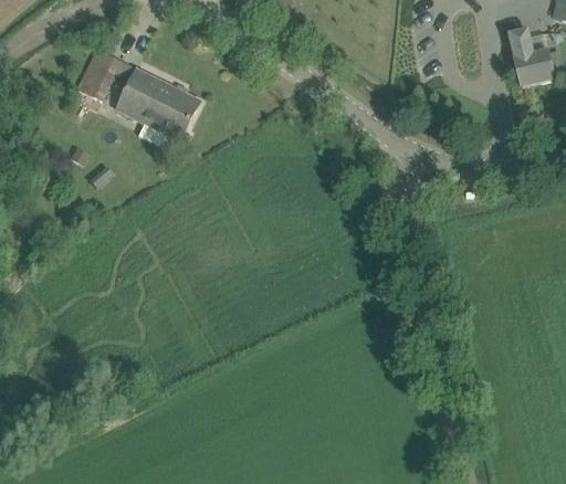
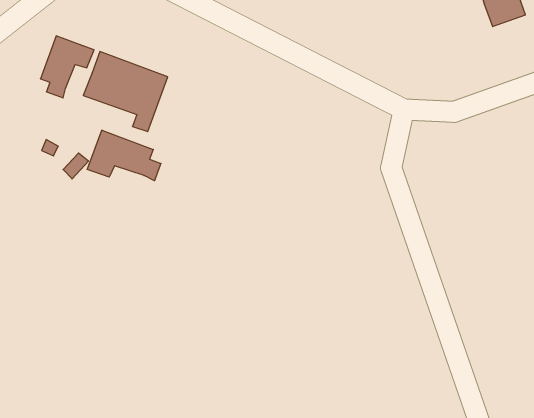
building: none -> [87,130,161,181]

